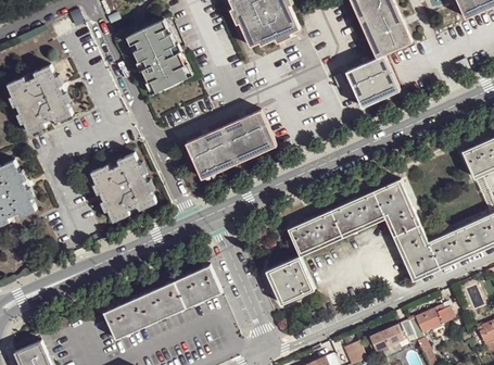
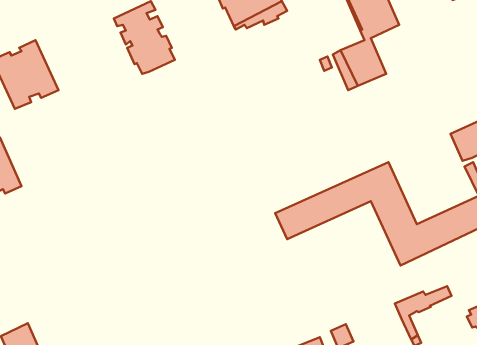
building: [182,103,275,173] -> none
building: [89,148,155,217] -> none
building: [264,257,312,305] -> none
building: [103,266,221,341] -> none
building: [365,322,413,354] -> none

